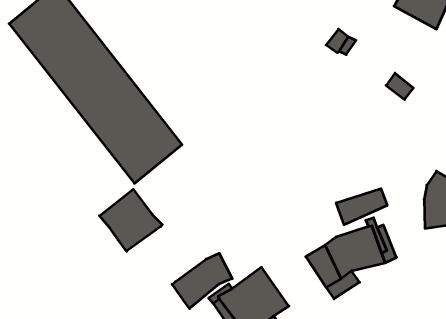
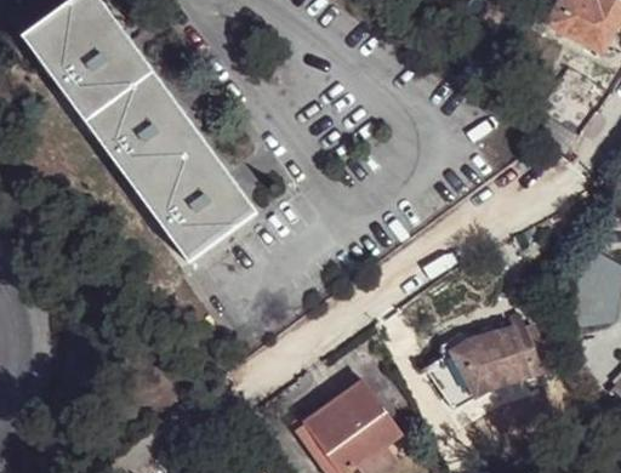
building: [336,189,387,225] -> none
building: [99,189,162,251] -> none
building: [172,253,232,309] -> none

